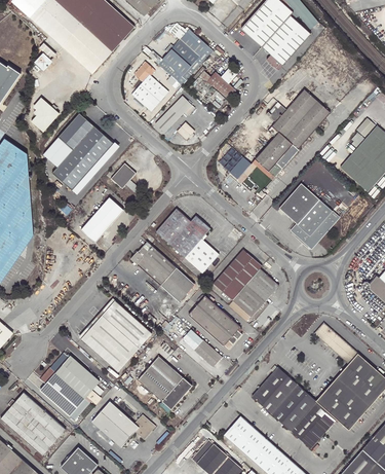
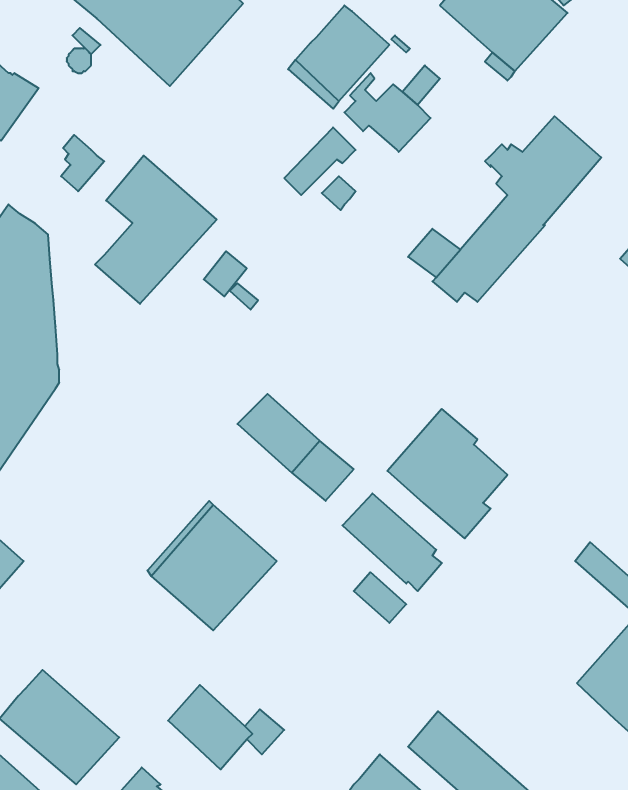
building: [132,62,168,111] -> none
building: [43,136,73,166] -> none
building: [278,183,340,247] -> none
building: [82,197,124,242] -> none
building: [156,209,219,274] -> none
building: [40,353,101,421] -> none
building: [139,356,192,409] -> none
building: [253,366,337,448] -> none

